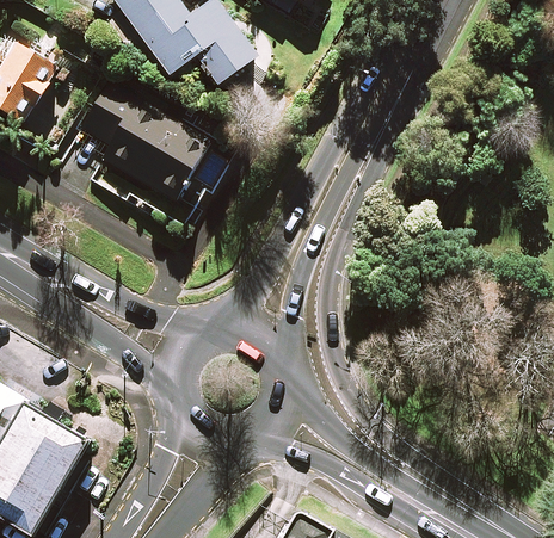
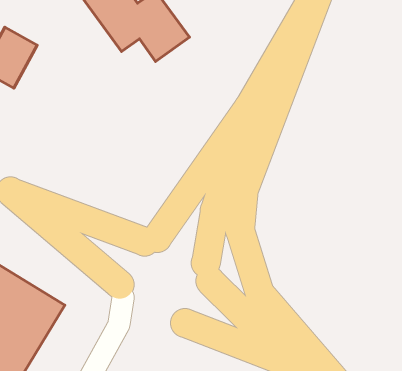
building: [79,85,209,204] -> none

